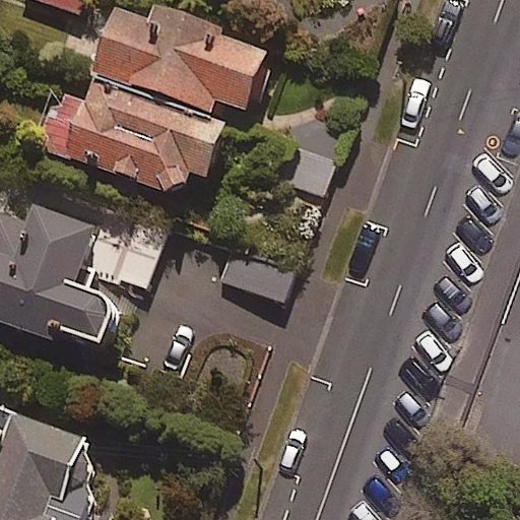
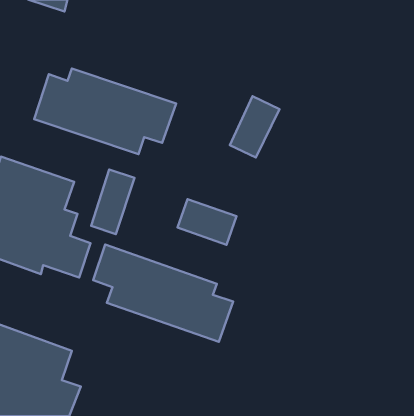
building: [90,6,263,114] -> none
building: none -> [93,245,233,342]

